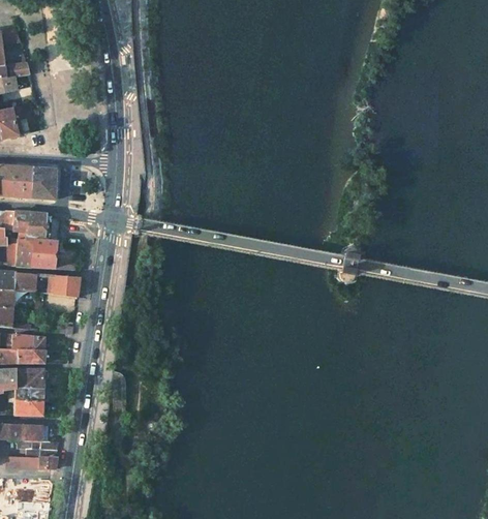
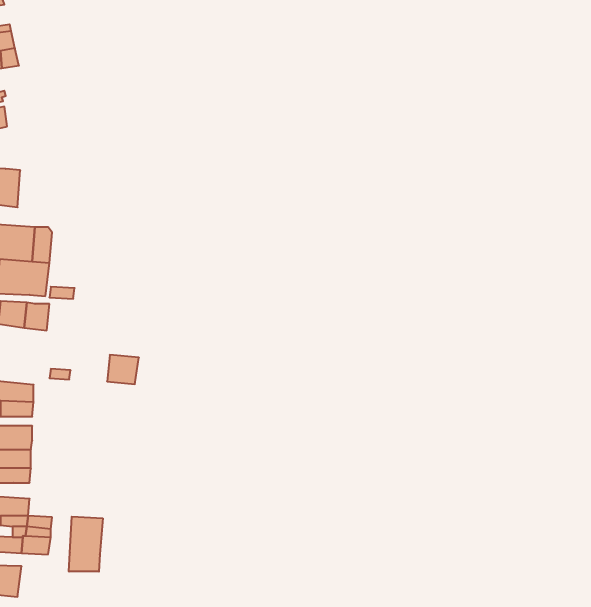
building: [31,170,55,201] -> none
building: [54,274,79,297] -> [107,355,139,384]
building: none -> [69,517,103,572]

